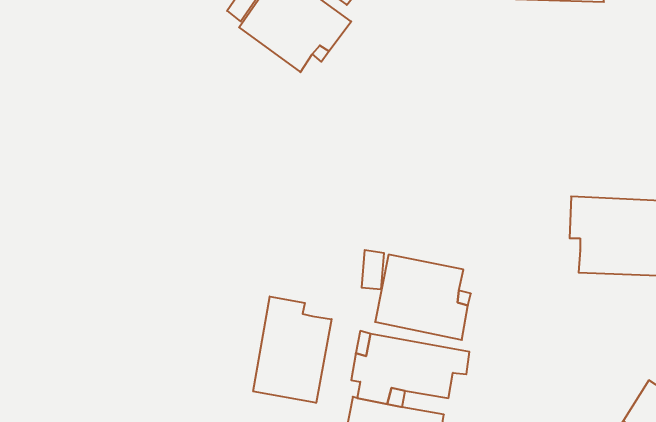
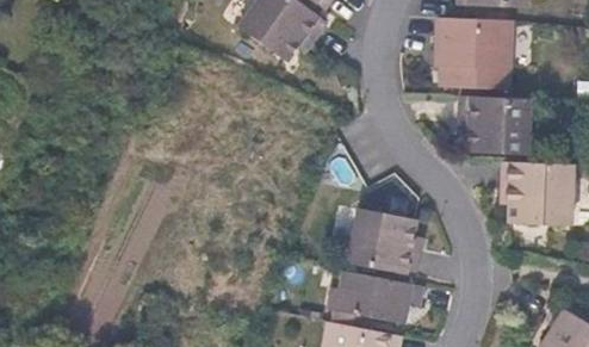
building: none -> [436,17,513,88]
building: none -> [458,95,531,153]
building: [253,296,332,403] -> none

